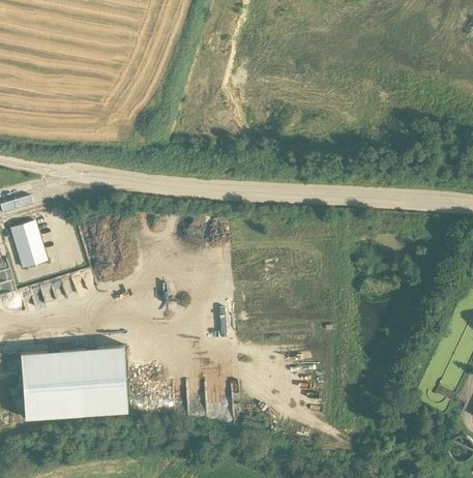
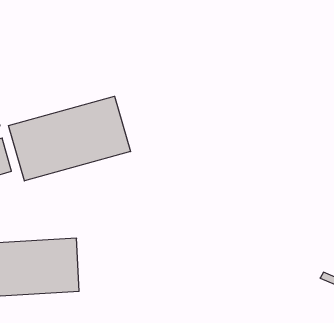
building: none -> [8,96,131,181]

